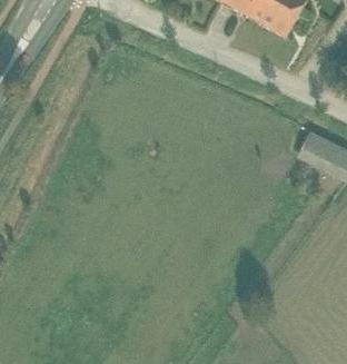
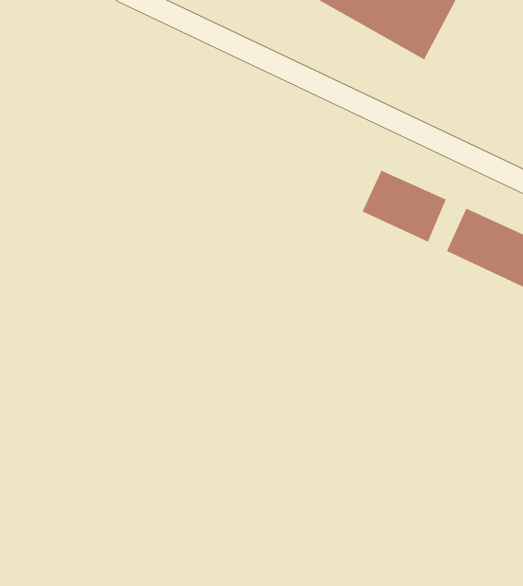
building: none -> [362,170,447,242]

